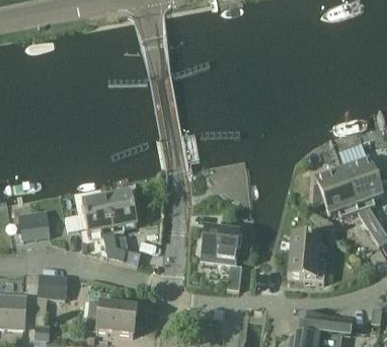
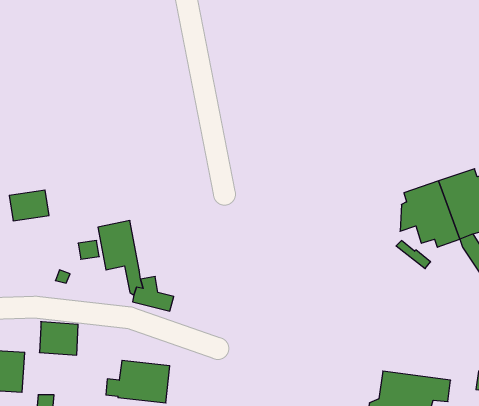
building: [106,191,138,233] -> none
building: [19,216,50,239] -> [9,190,49,221]
building: [201,225,241,289] -> none
building: [288,233,325,282] -> none

